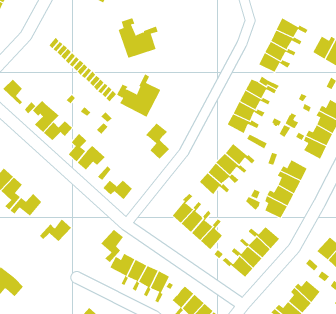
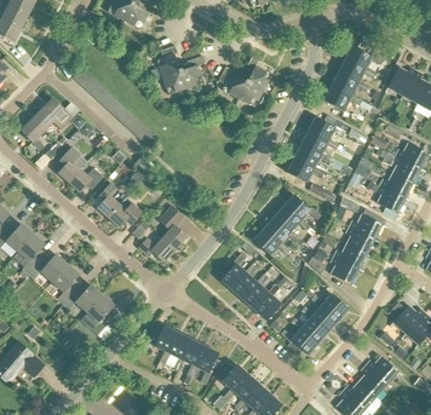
building: none -> [33,97,74,129]
building: [116,74,161,117] -> [219,54,272,106]
building: [145,123,170,159] -> [159,204,188,248]
building: none -> [53,264,80,304]
building: [101,229,124,263] -> [87,294,115,334]

